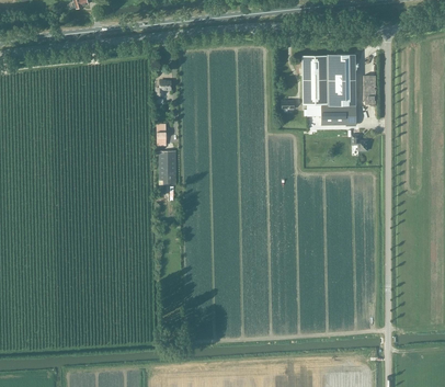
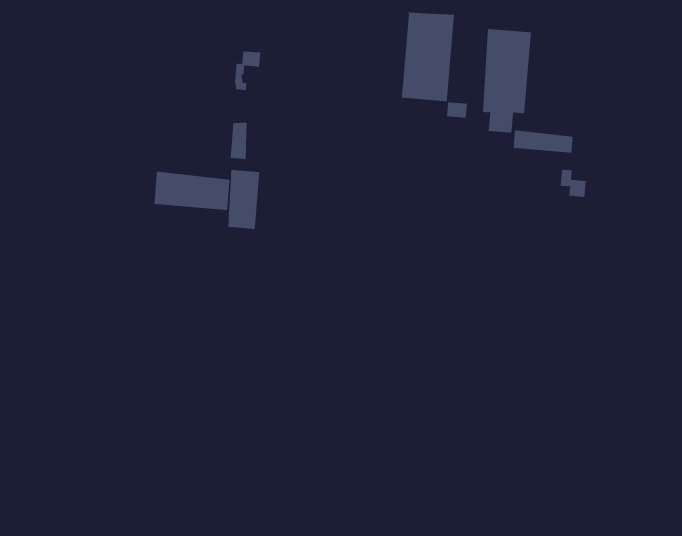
building: [328,53,356,104] -> [401,12,455,102]
building: none -> [154,171,230,211]

